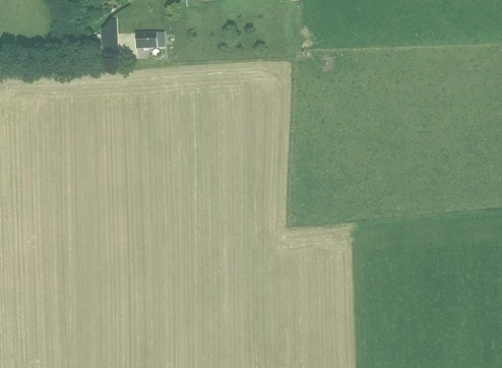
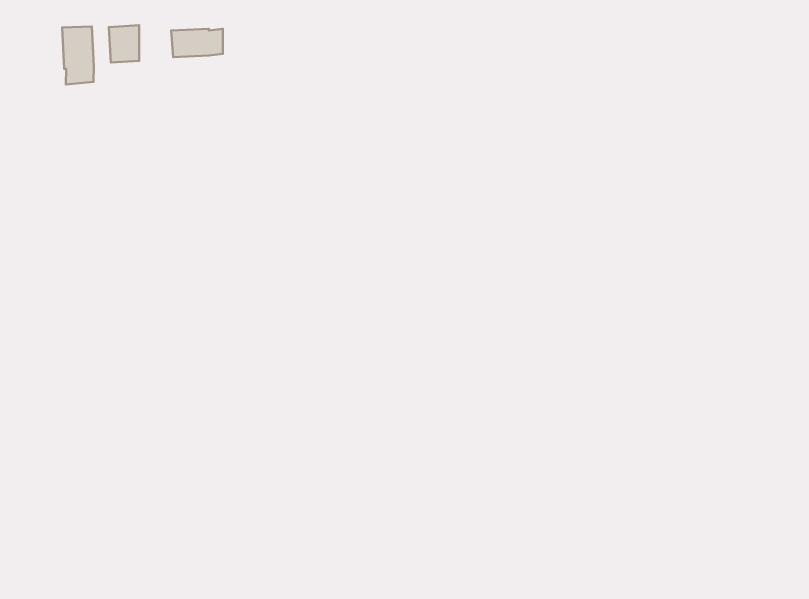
building: none -> [62,27,94,85]

